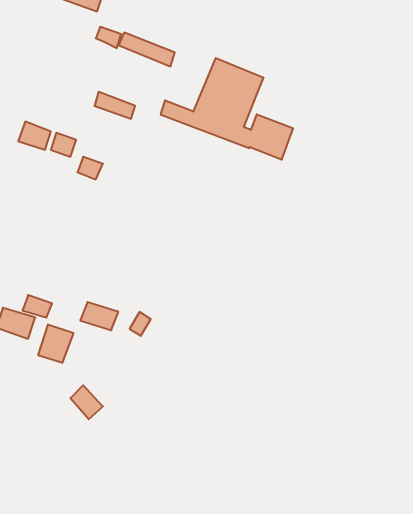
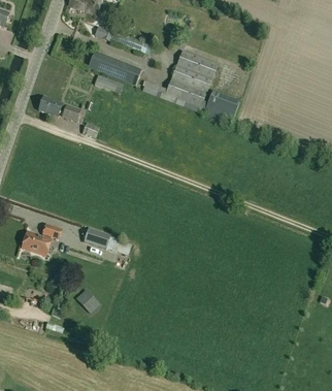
building: none -> [88,51,140,86]
building: [38,324,73,363] -> none

